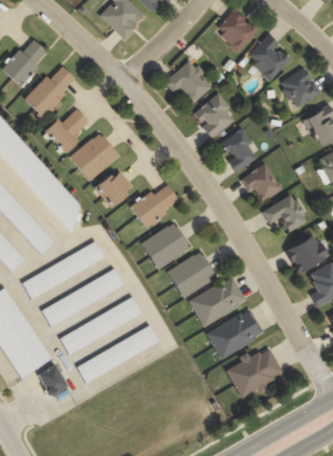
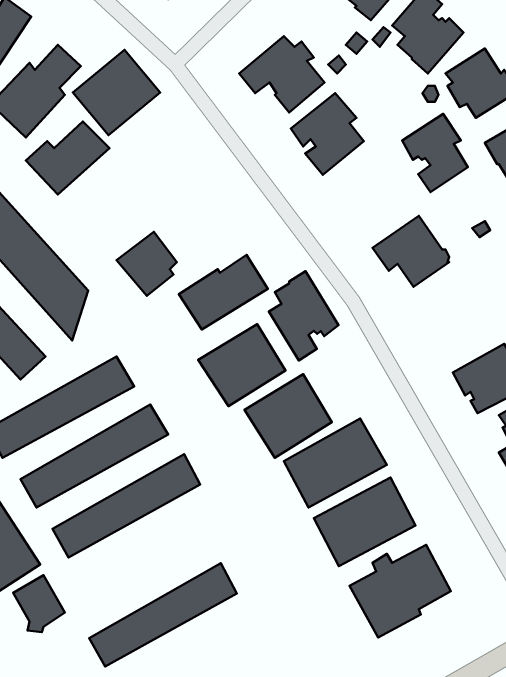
building: [219,128,256,172] -> [402,114,468,192]
building: [69,133,118,181] -> [73,50,160,135]
building: none -> [269,271,339,361]
building: [261,194,307,232] -> none
building: [76,324,159,382] -> [89,563,237,667]

